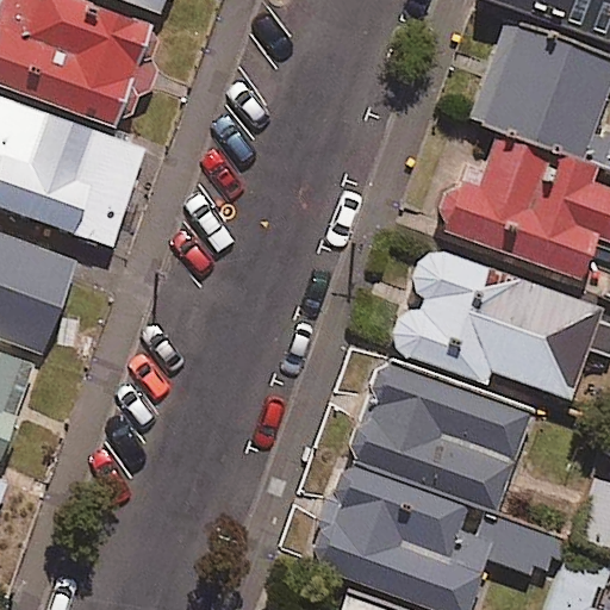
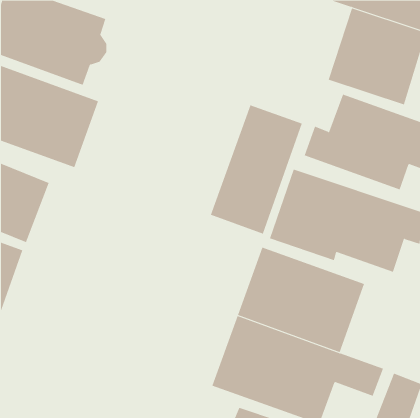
building: none -> [210,104,303,235]

